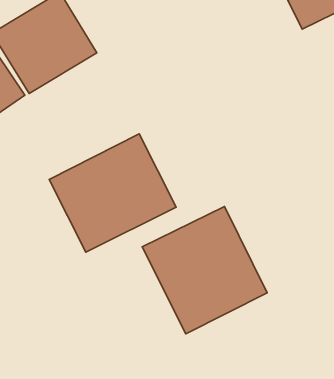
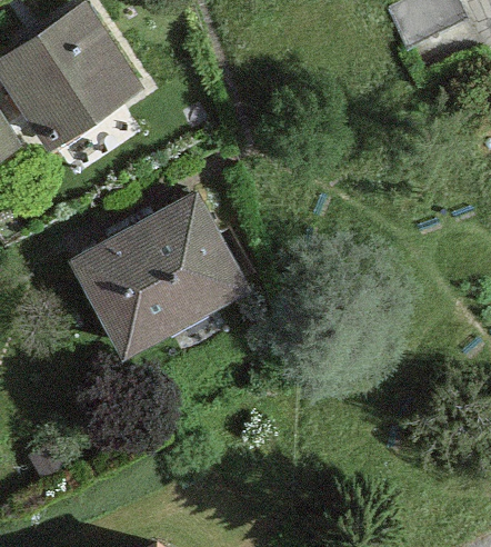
building: [142,207,267,334] -> none

